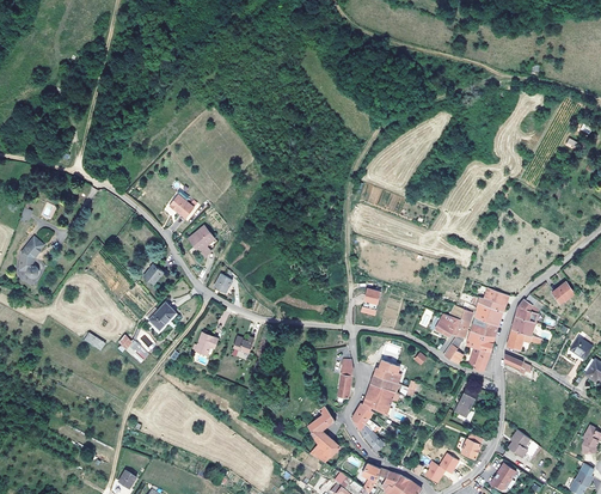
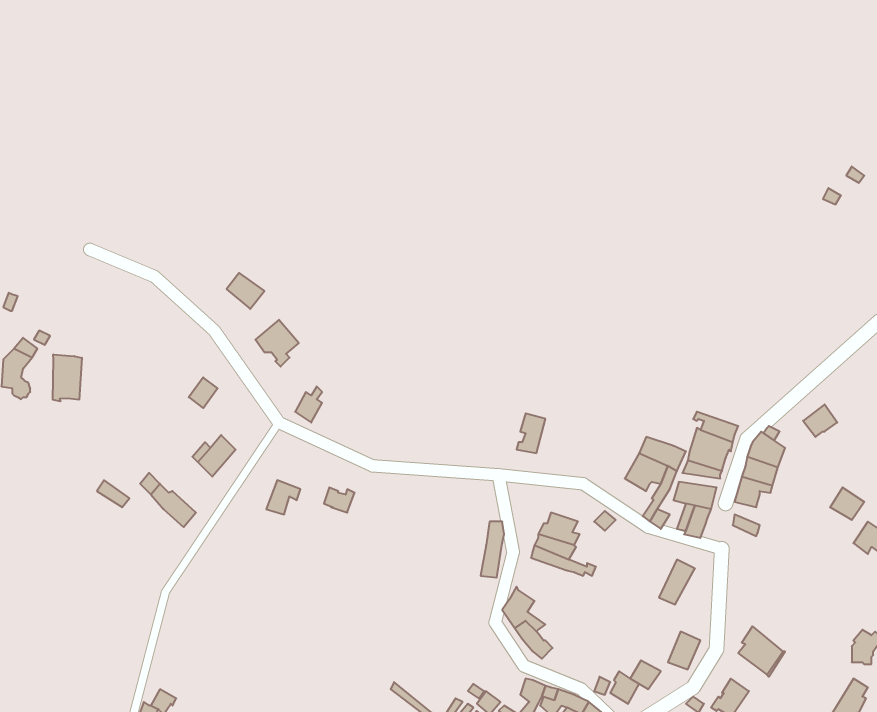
building: none -> [53,354,82,401]
building: [362,383,397,414] -> none
building: [307,405,339,462] -> none

